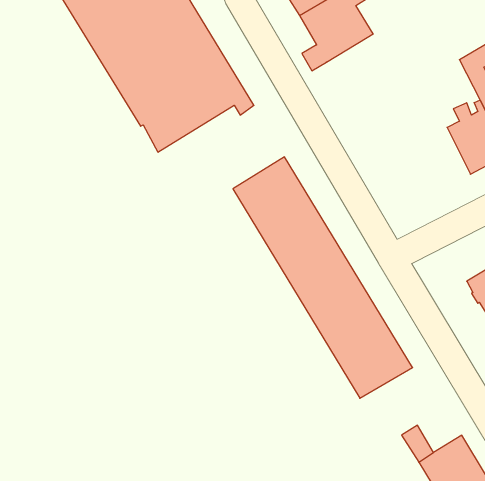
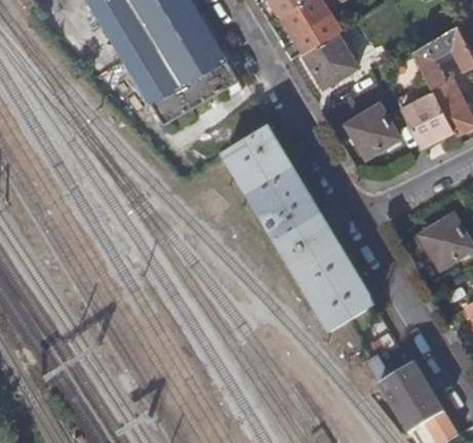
building: none -> [303,32,357,86]
building: none -> [346,105,399,158]

